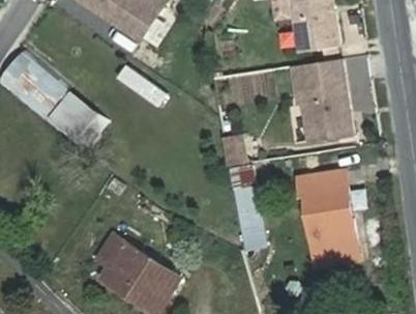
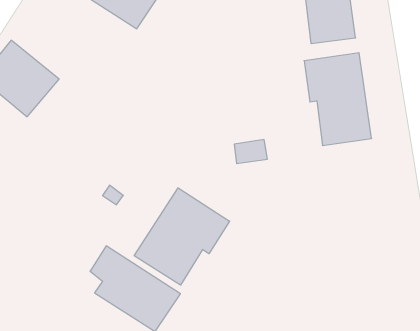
building: [47,90,97,139] -> none
building: [297,170,356,264] -> none
building: none -> [134,188,230,285]

